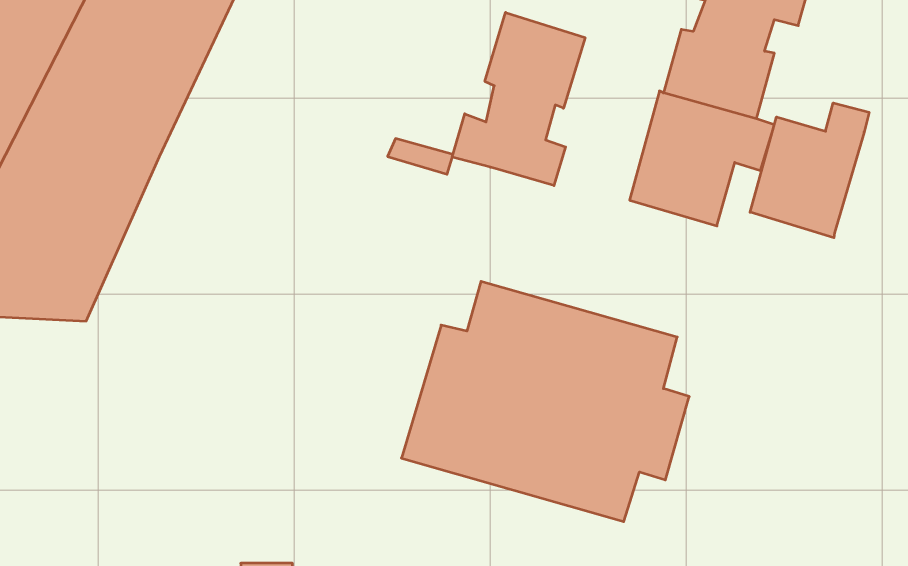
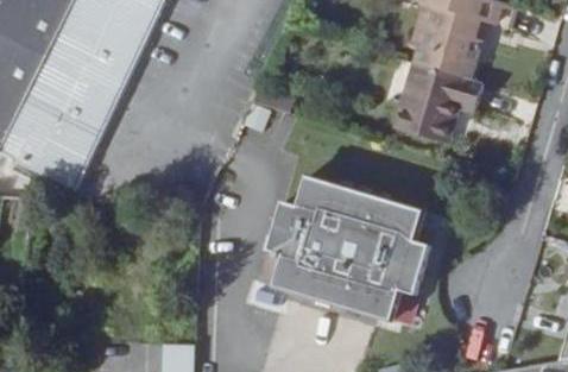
building: [452,12,585,186] -> none
building: [750,103,869,238] -> none

